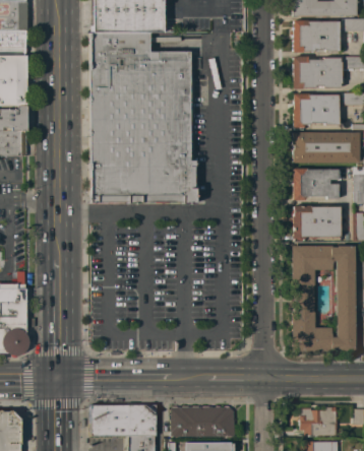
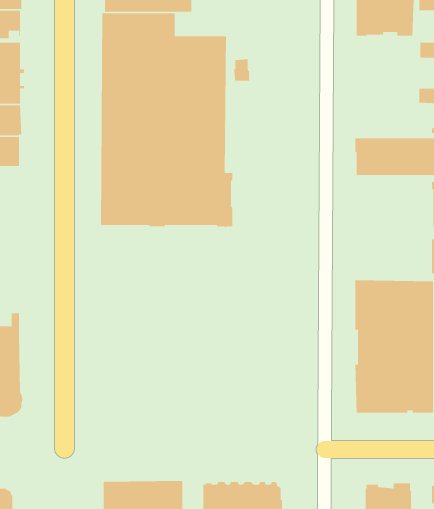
building: [293,56,343,88] -> none
building: [293,93,340,130] -> none
building: [293,168,339,200] -> none
building: [293,205,341,241] -> none

